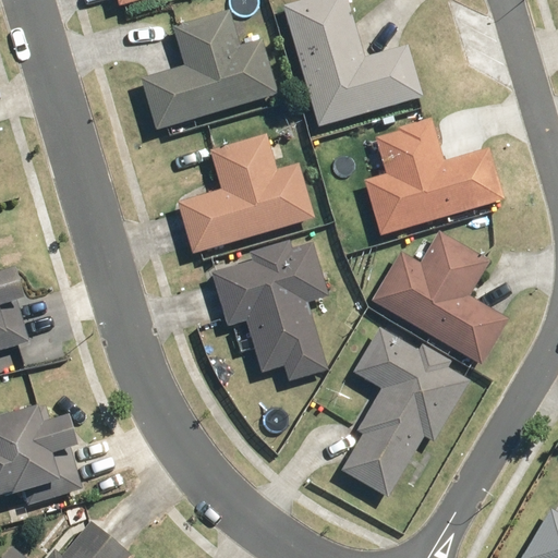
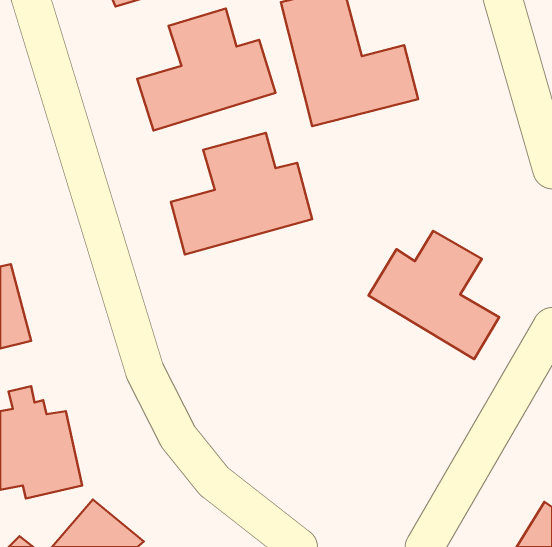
building: [362,119,504,234] -> none
building: [206,238,328,381] -> none
building: [339,327,469,497] -> none

